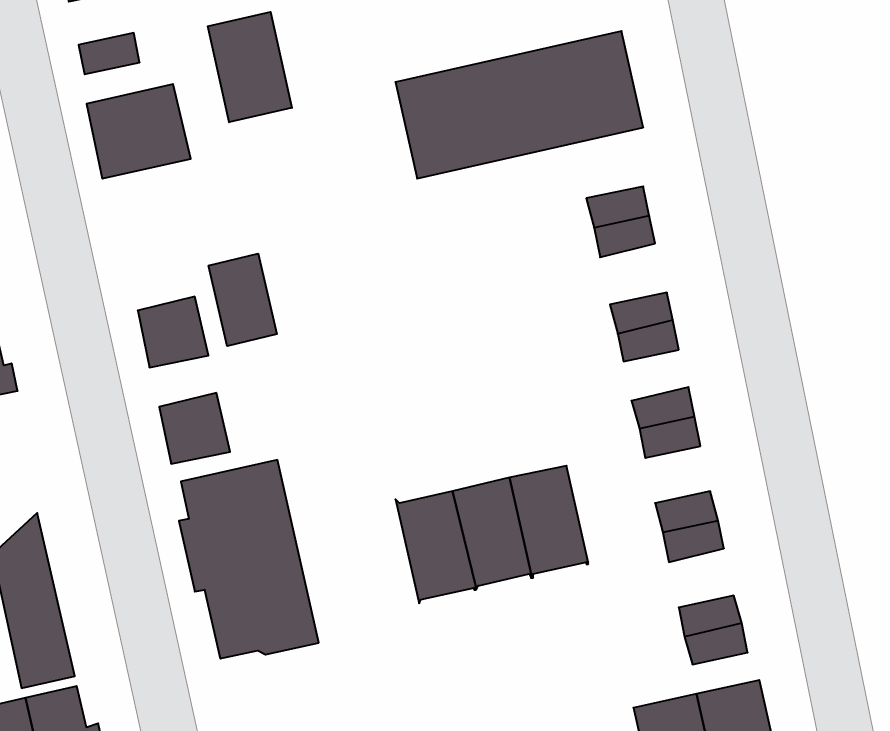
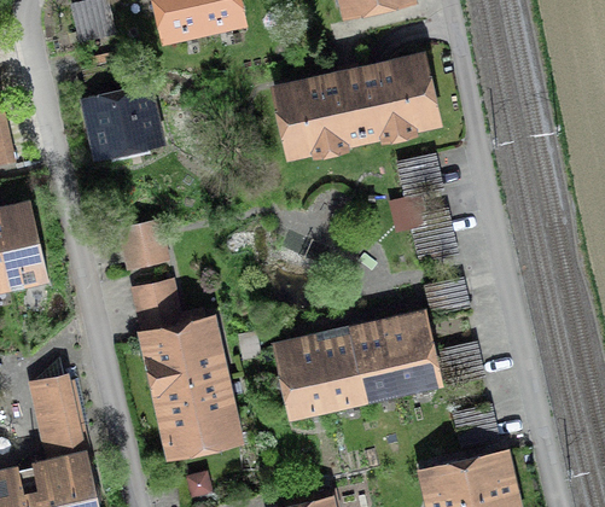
building: [208,12,292,122] -> none
building: [209,254,277,346] -> none
building: none -> [385,314,434,385]

